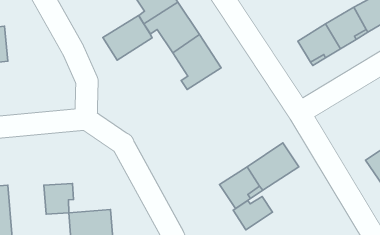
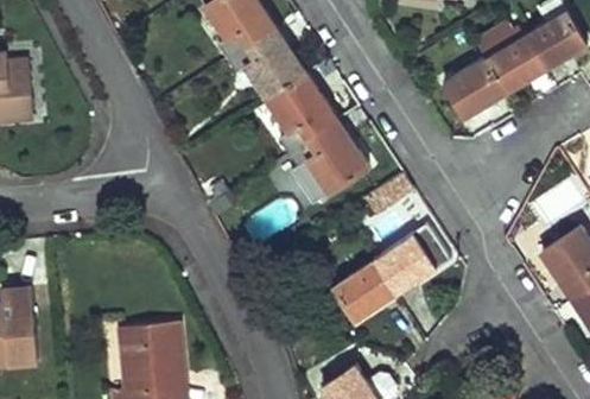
building: [103,16,152,60] -> none
building: none -> [286,121,367,196]
building: [44,183,73,214] -> none
building: [233,197,272,230] -> none

